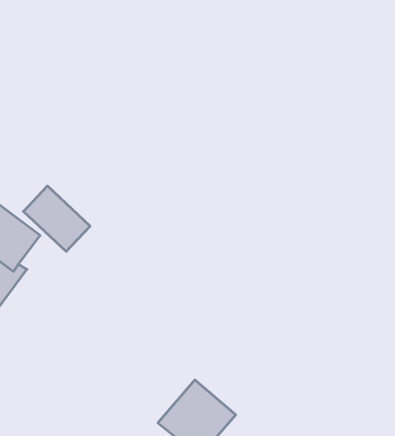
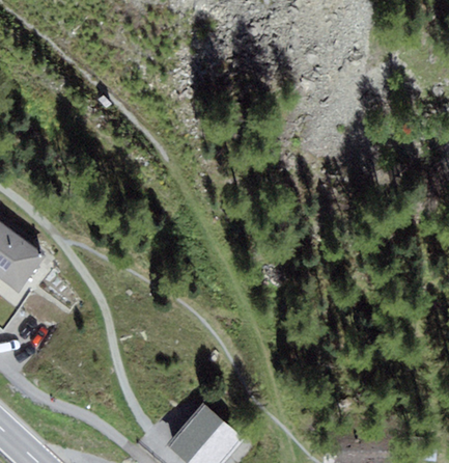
building: [23,186,90,251] -> none

